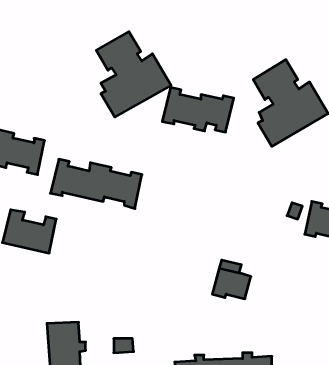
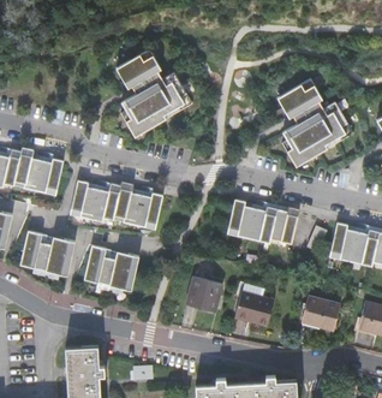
building: [162,88,234,132] -> [226,200,299,245]
building: none -> [83,245,138,291]
building: none -> [186,278,221,314]
building: none -> [300,298,338,331]

